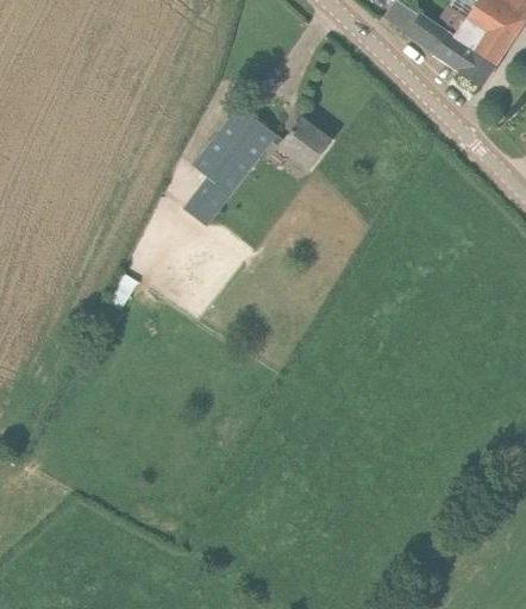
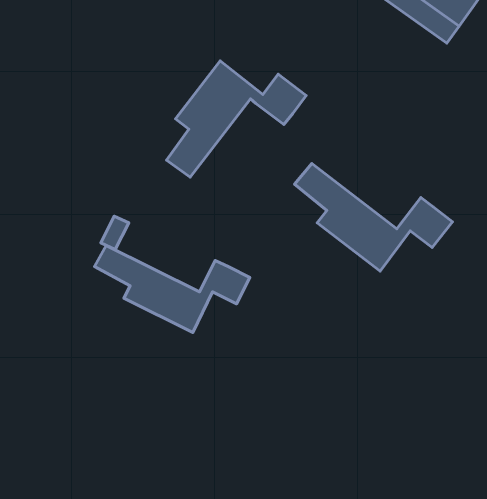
building: none -> [294,163,452,271]
building: none -> [95,245,250,333]

